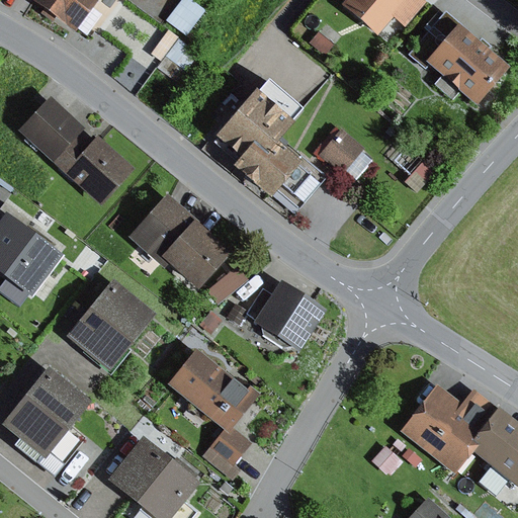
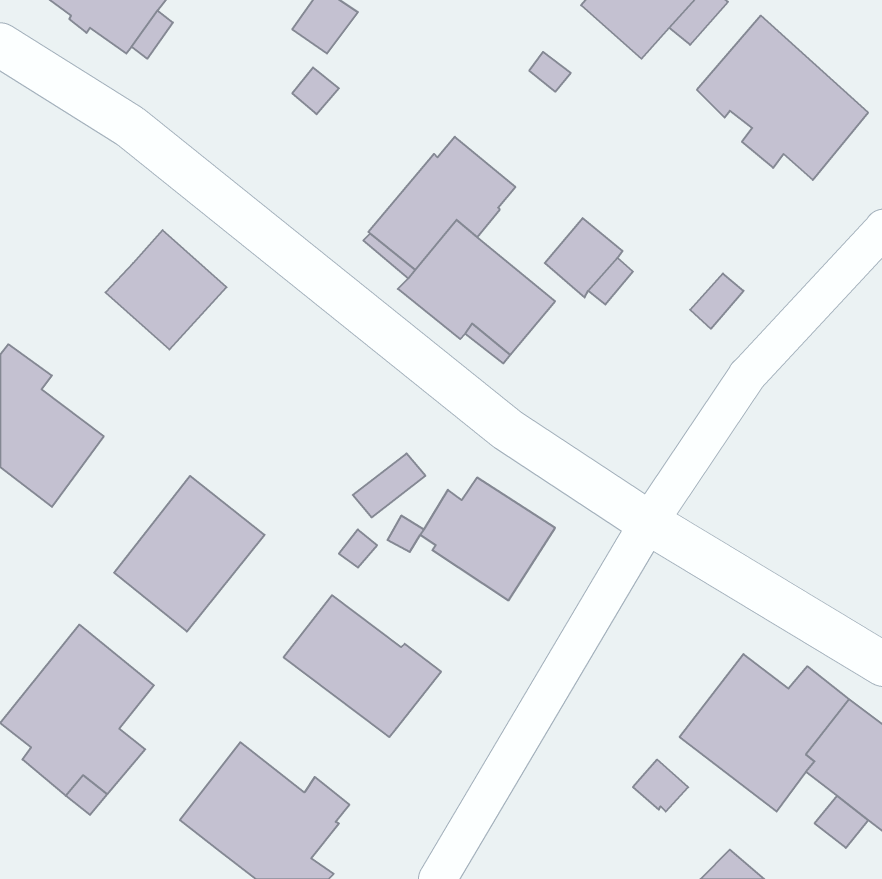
building: [18,95,85,171] -> none
building: [128,193,233,290] -> none
building: [203,426,252,479] -> none

